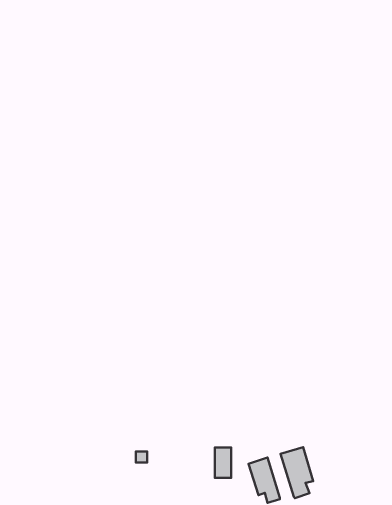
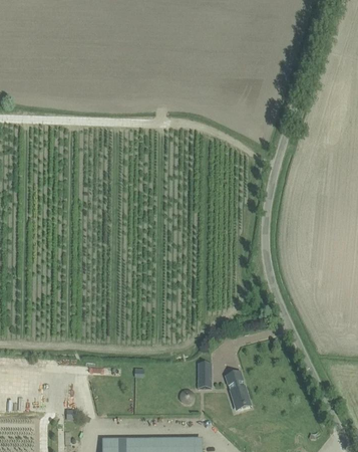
building: [280,447,313,498] -> none

